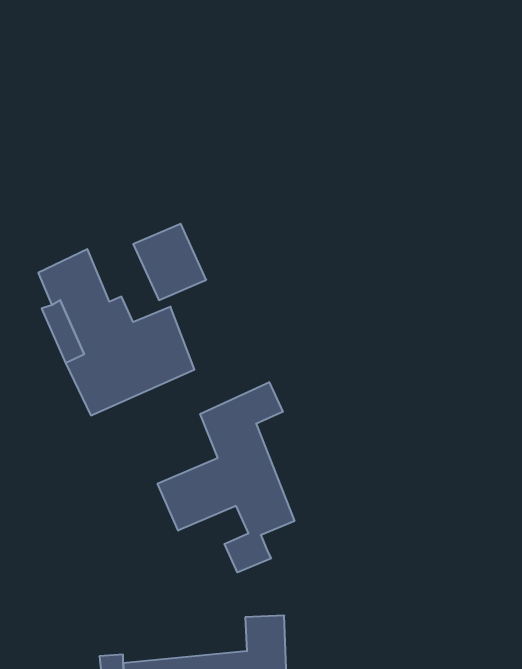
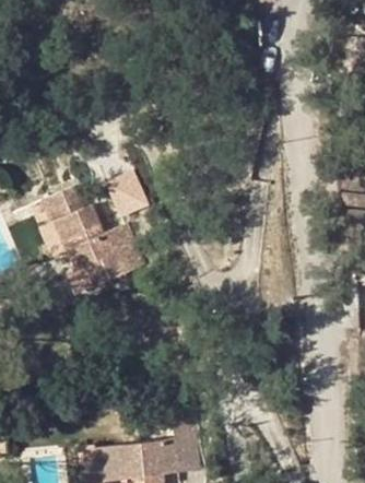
building: [158,382,294,572] -> none

